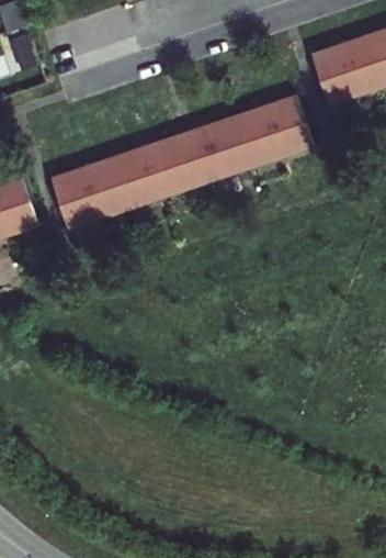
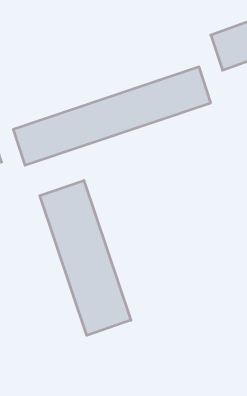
building: none -> [40,180,131,335]

